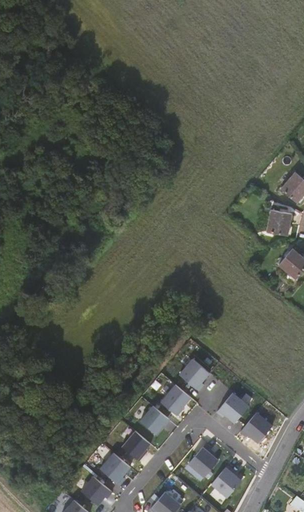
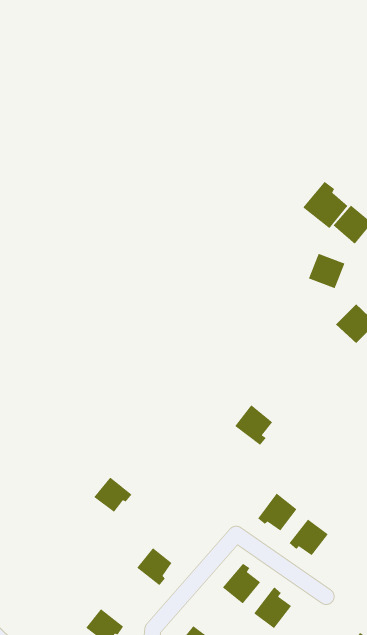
building: none -> [302,181,348,229]
building: [178,358,208,390] -> [234,404,273,446]
building: [161,385,191,416] -> none
building: [141,407,171,435] -> [93,476,132,513]
building: [103,456,133,488] -> none

